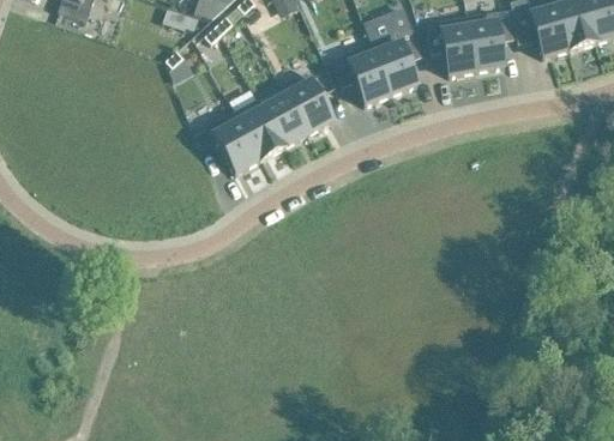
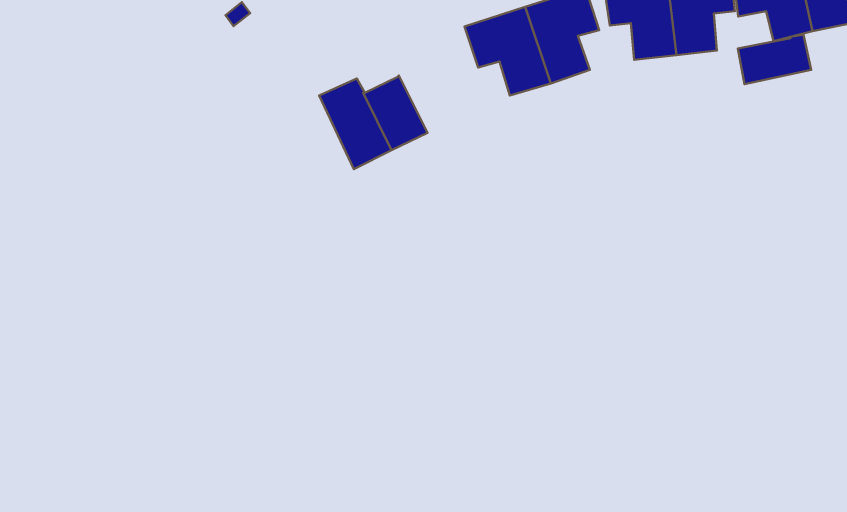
building: none -> [738,35,811,84]
building: [282,72,333,133] -> none
building: [210,111,260,174] -> none

